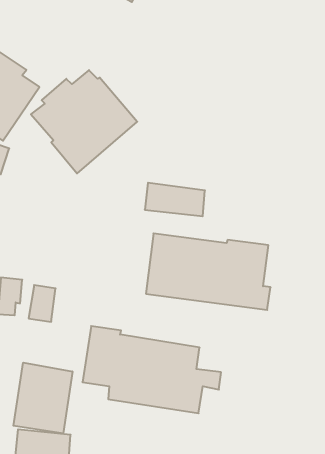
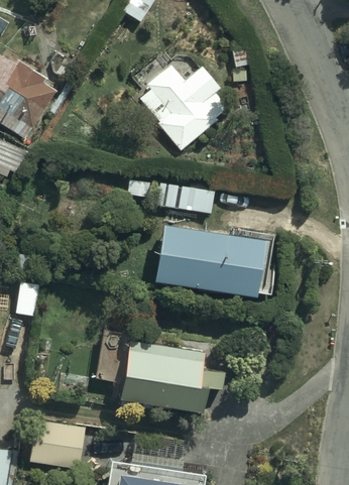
building: [31,70,137,173] -> [138,54,238,151]
building: [13,363,72,433] -> none

